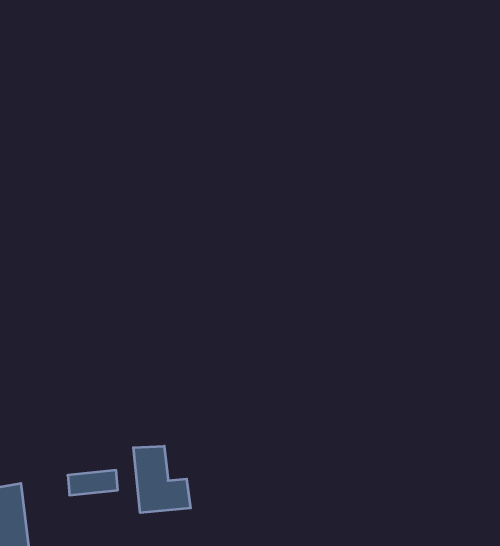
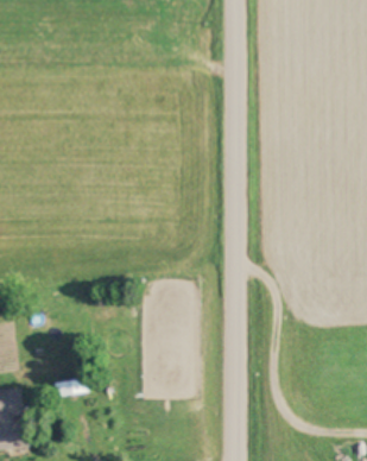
building: [133,446,191,513] -> none

